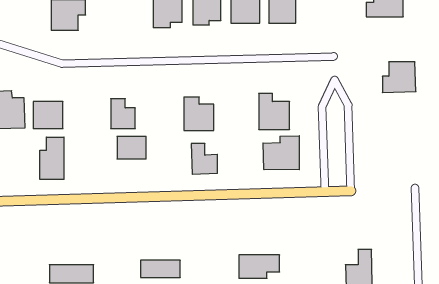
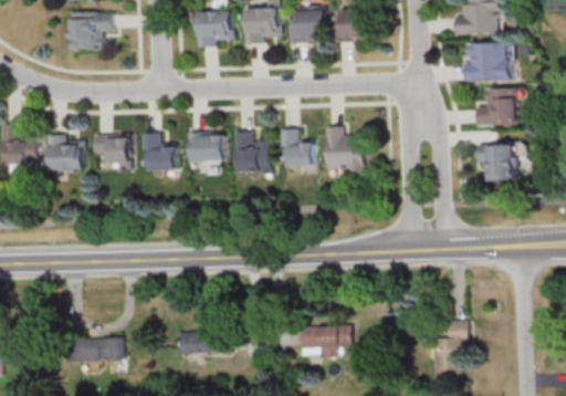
building: none -> [464,42,509,81]
building: none -> [95,135,130,166]
building: none -> [476,144,513,180]
building: [263,136,299,170] -> none
building: [117,136,146,159] -> [187,134,222,161]
building: [40,137,64,179] -> none
building: [191,144,217,174] -> [281,129,313,167]

